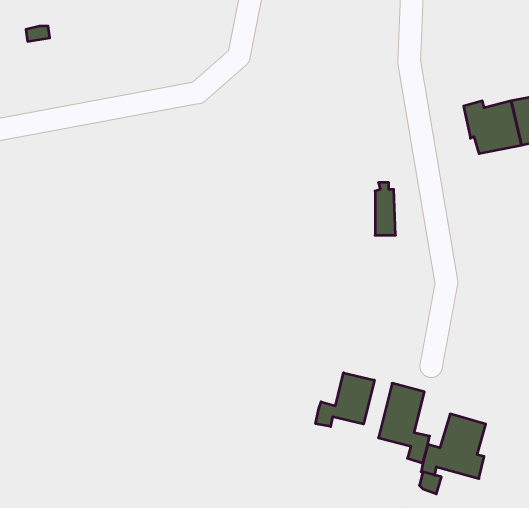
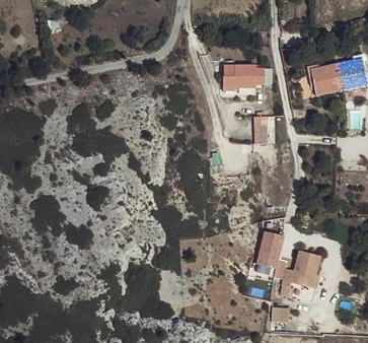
building: none -> [222,65,263,90]
building: [316,373,374,427] -> none

